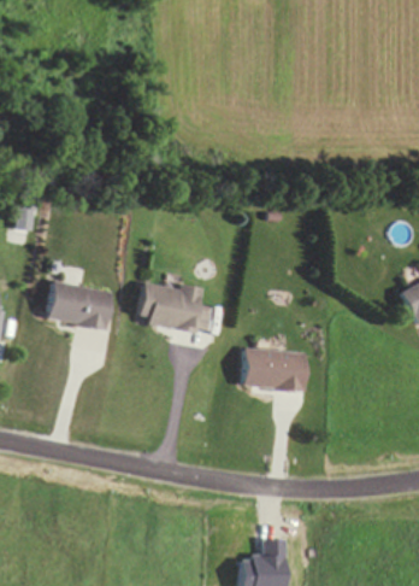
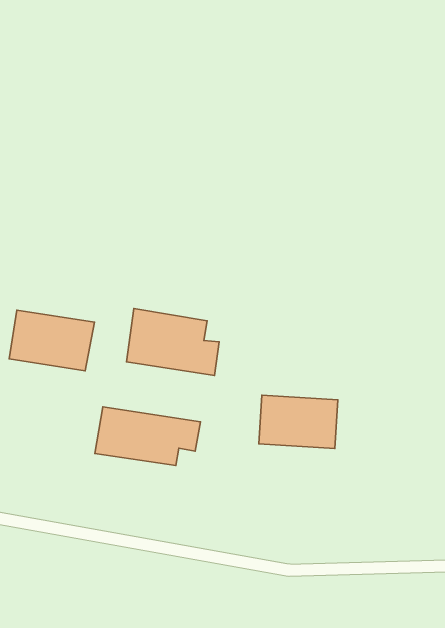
building: none -> [95,407,201,465]

